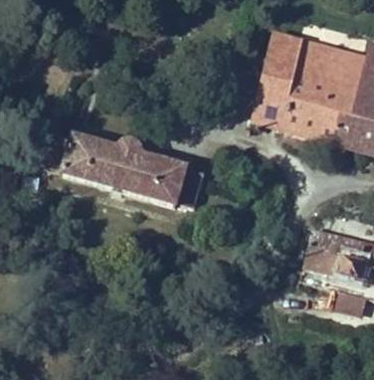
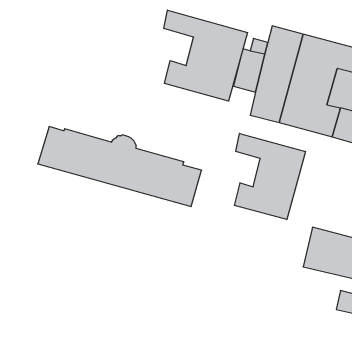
building: none -> [164,10,247,101]
building: none -> [234,133,305,220]

